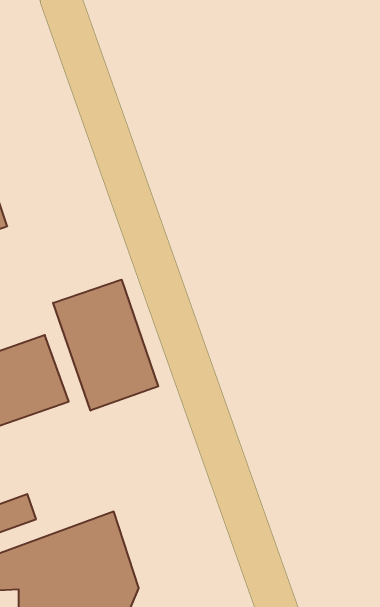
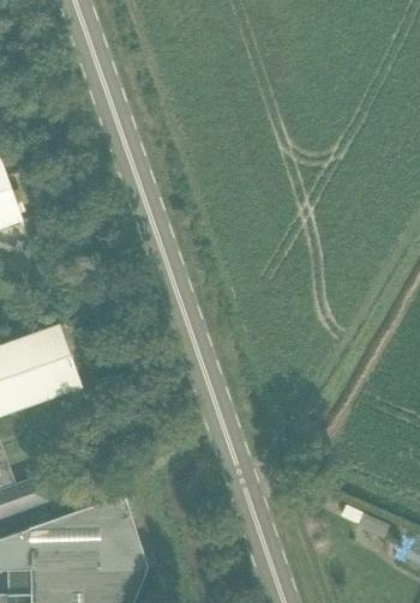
building: [53,280,158,411] -> none

